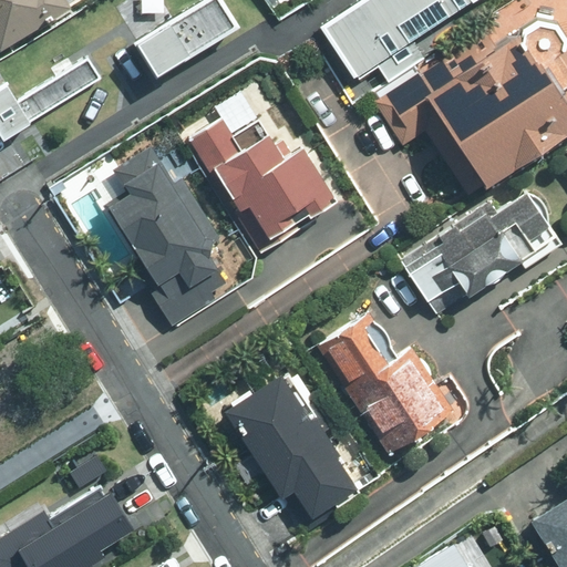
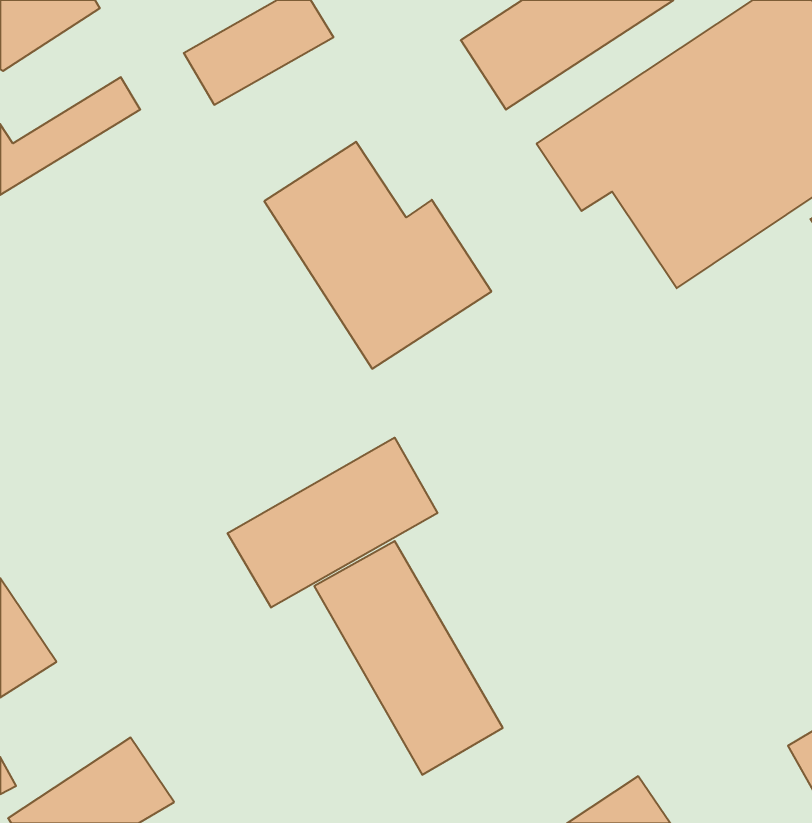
building: [96,141,248,321] -> none
building: [404,188,558,326] -> none
building: none -> [228,438,437,608]
building: [308,310,455,457] -> none

